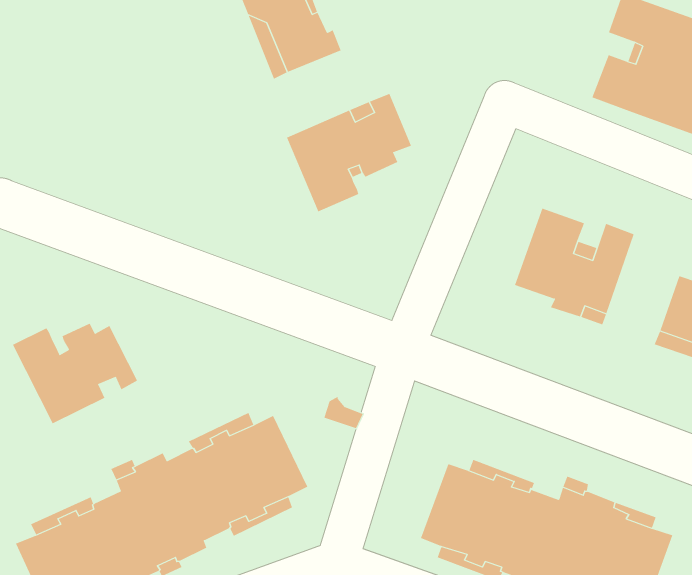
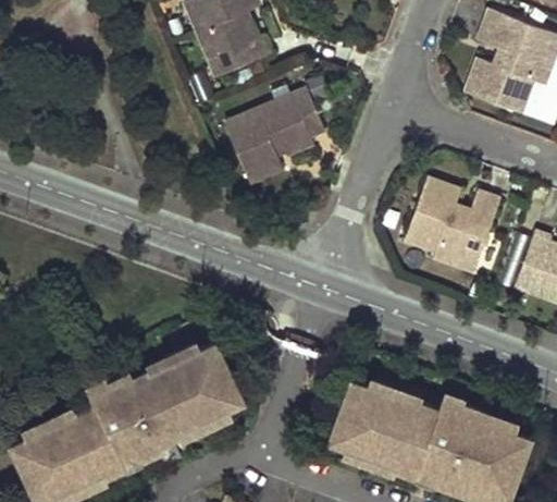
building: [12,323,138,424] -> none

